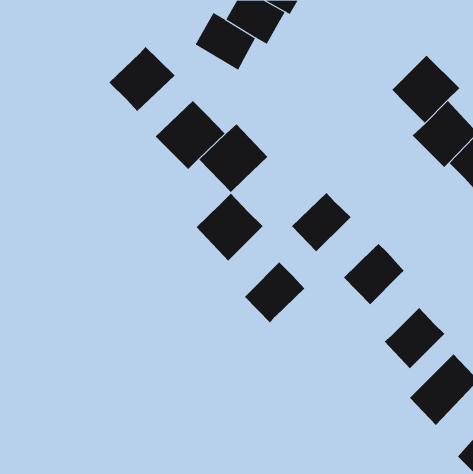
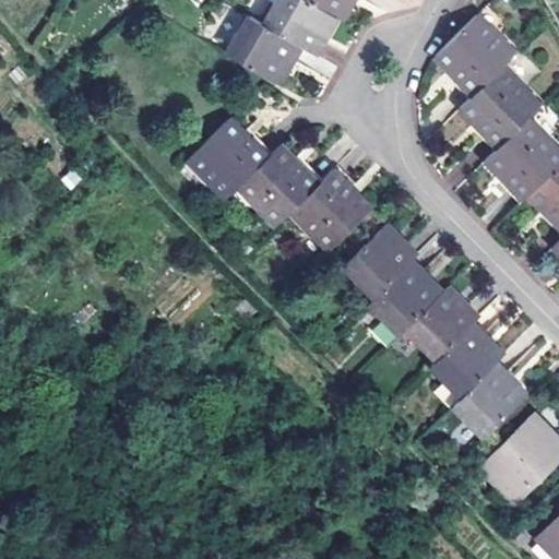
building: none -> [437,13,516,93]
building: [108,46,175,112] -> none
building: [196,193,263,262] -> [289,170,369,251]
building: [244,261,305,324] -> [368,261,440,334]
building: none -> [431,323,502,395]

